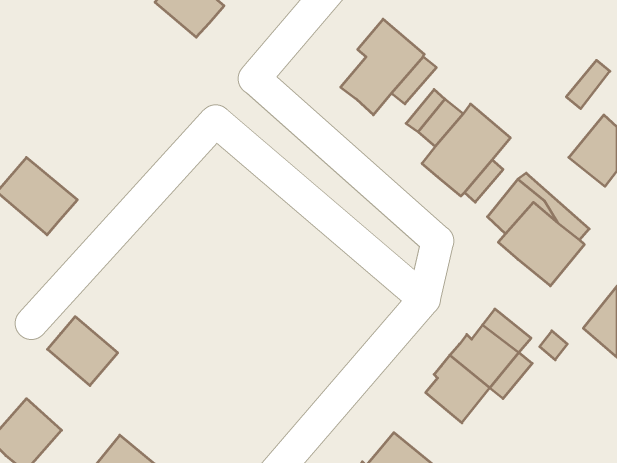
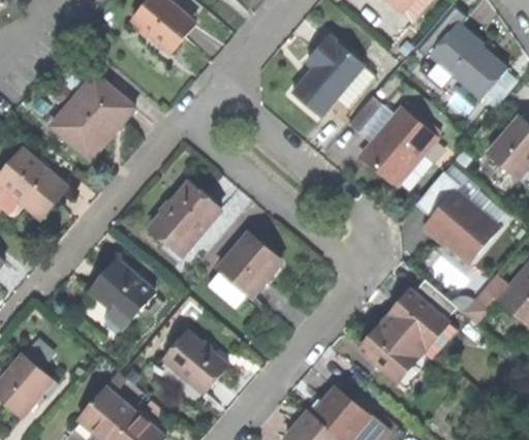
building: none -> [430,25,503,95]
building: none -> [56,83,134,158]
building: none -> [150,184,221,256]
building: none -> [218,235,278,296]
building: [47,317,118,386] -> [89,259,149,318]
building: none -> [162,331,225,392]

